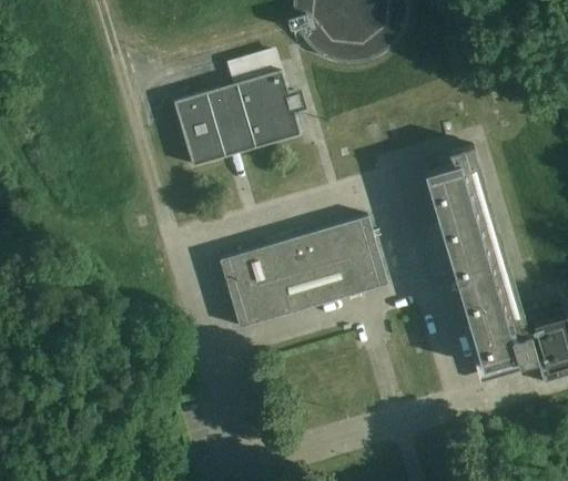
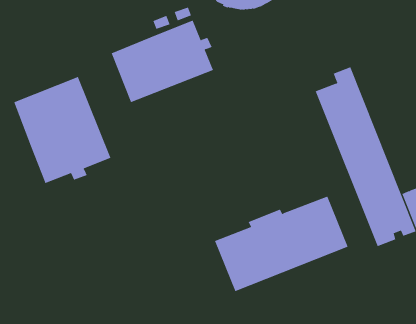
building: none -> [14,76,111,184]
building: [216,218,384,328] -> [214,196,349,292]

